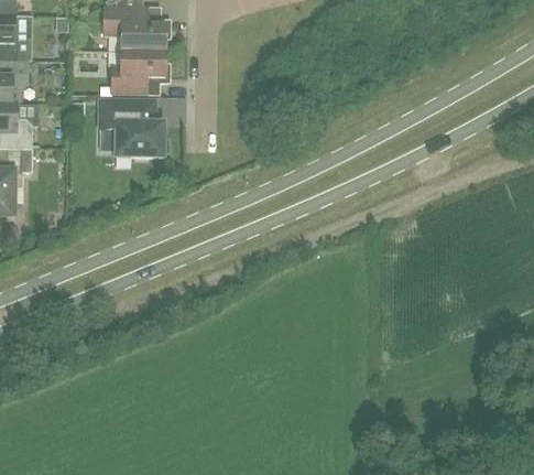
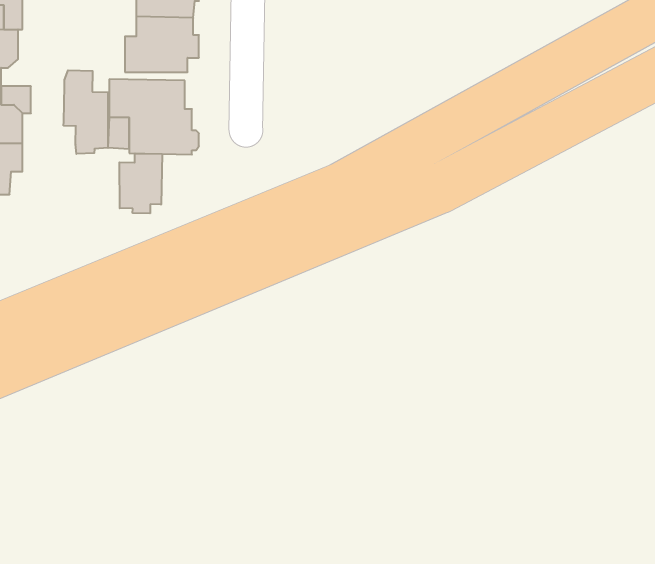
building: none -> [64,70,108,154]
building: none -> [119,153,162,213]

